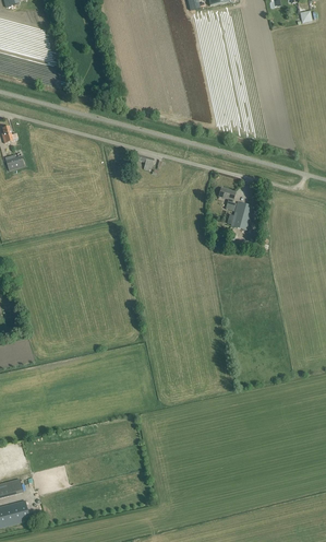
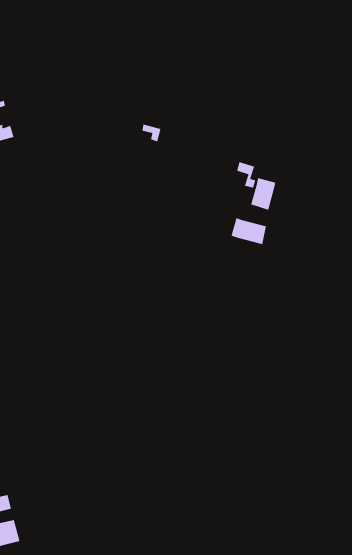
building: none -> [231,217,267,245]

